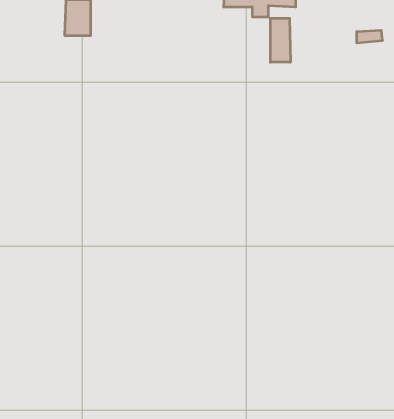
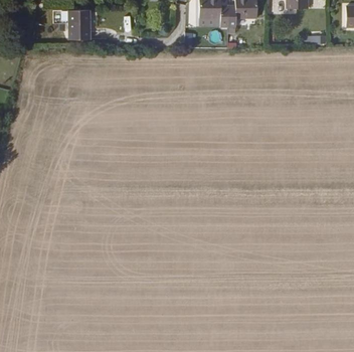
building: [270,18,290,62] -> none

